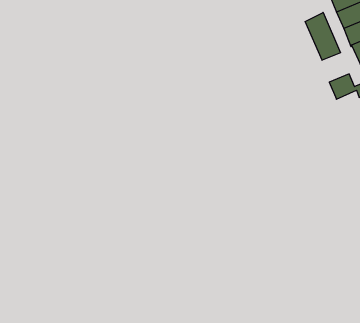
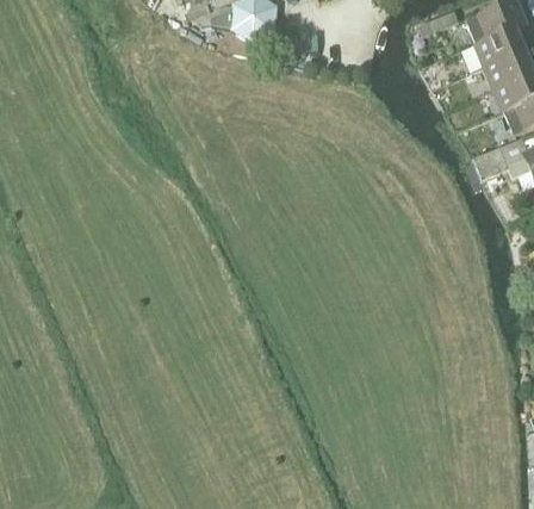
building: [305,12,340,60] -> none

